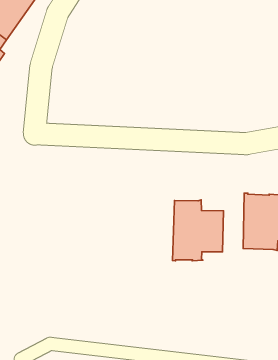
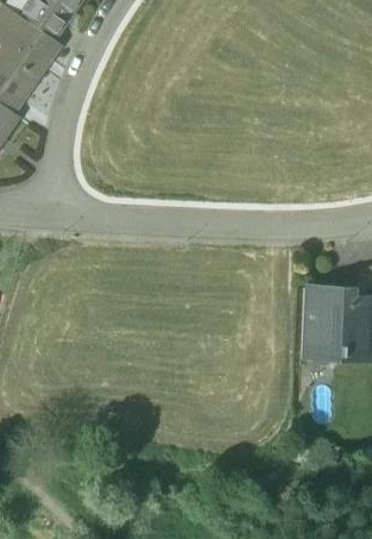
building: [173,200,223,261] -> none

